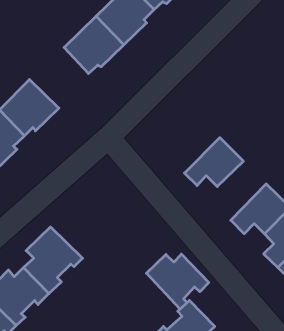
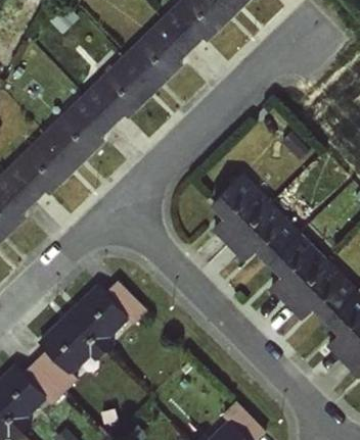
building: none -> [41,94,112,167]
building: none -> [211,173,272,246]
building: none -> [268,232,328,303]
building: none -> [66,278,147,349]
building: [146,254,209,309] -> none

